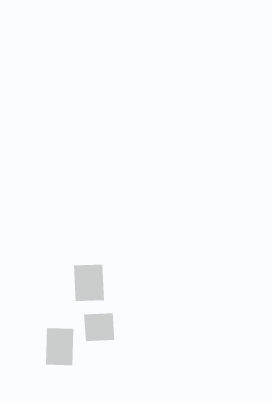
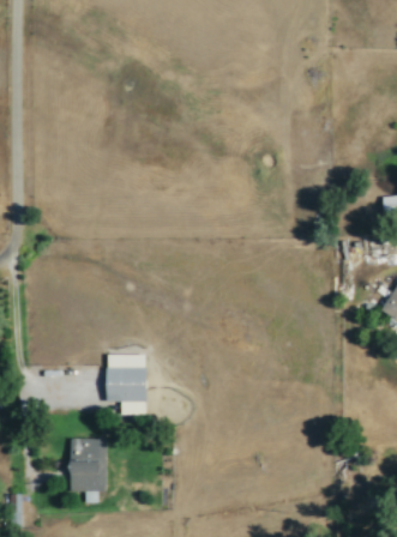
building: [84,312,115,342] -> none

